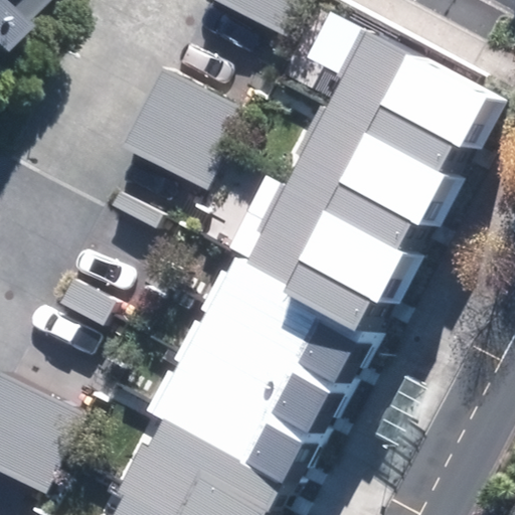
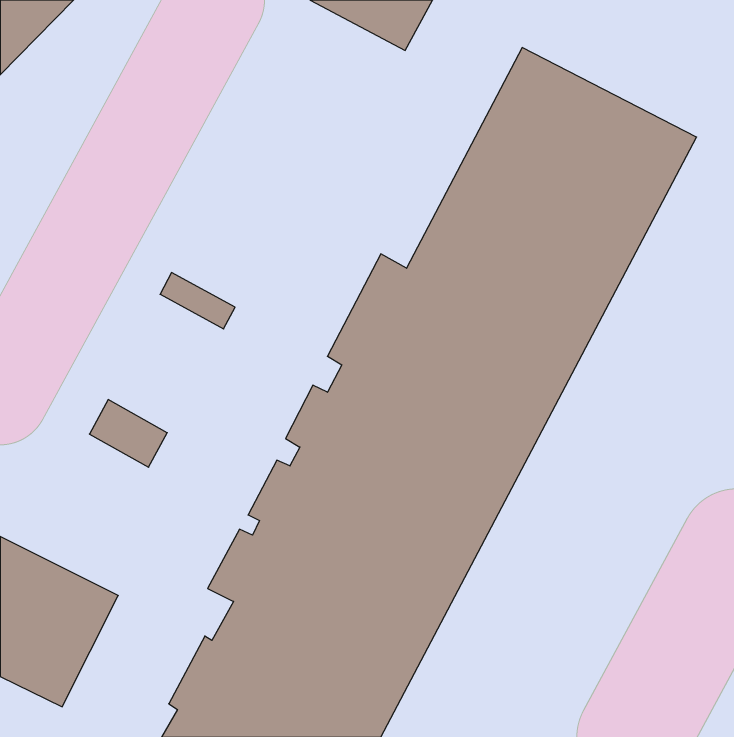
building: [125,68,250,192] -> none

